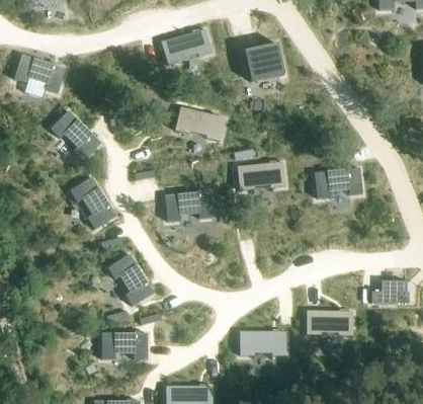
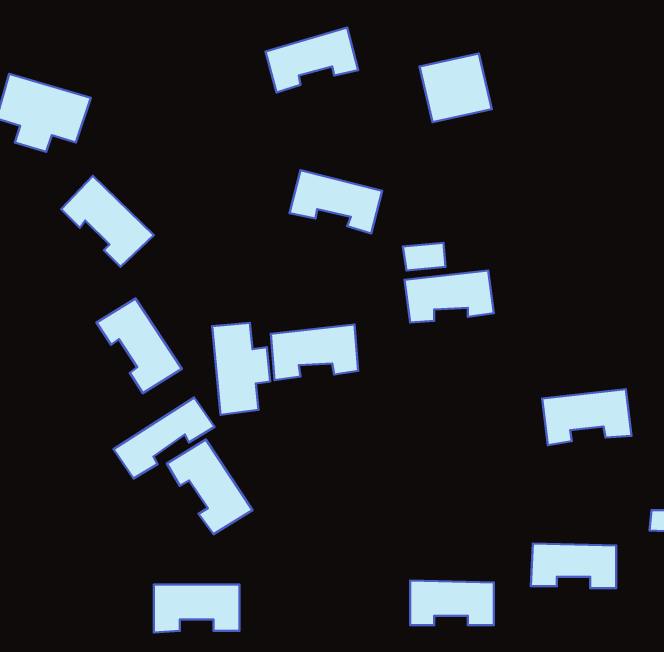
building: [315,168,363,198] -> [542,389,631,445]
building: none -> [212,323,270,415]
building: none -> [114,397,214,478]

